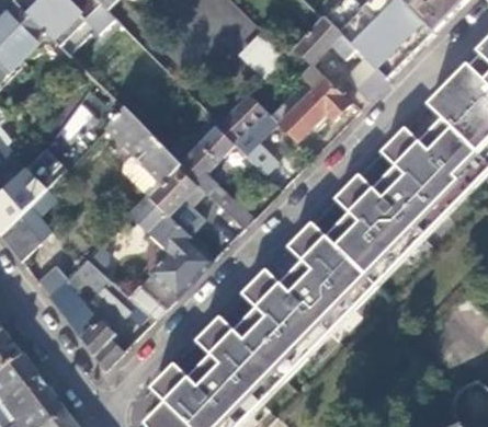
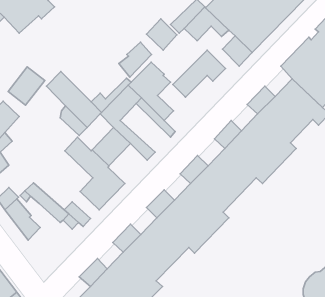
building: none -> [119,42,151,77]
building: [147,165,196,216] -> none
building: [79,320,123,370] -> none

